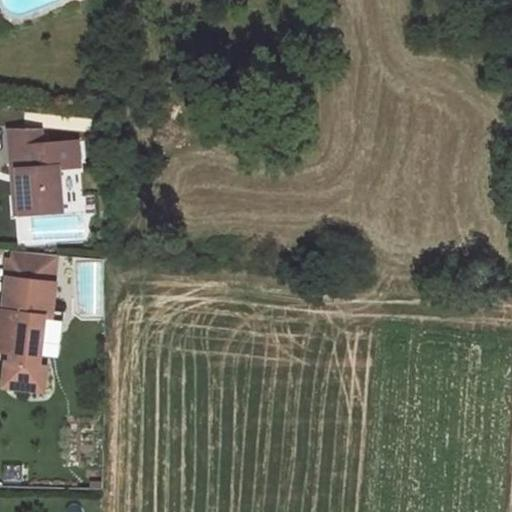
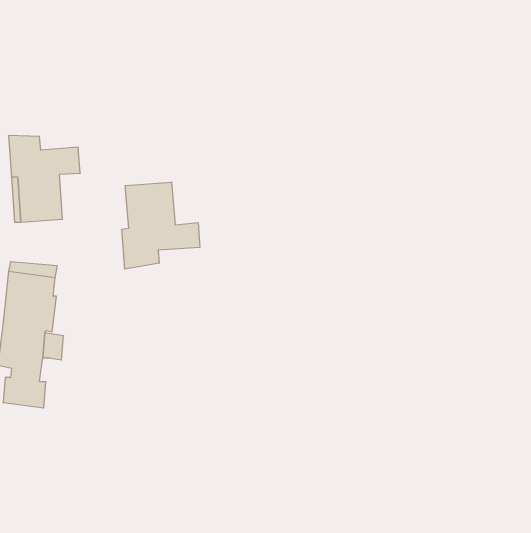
building: none -> [122,182,200,269]

